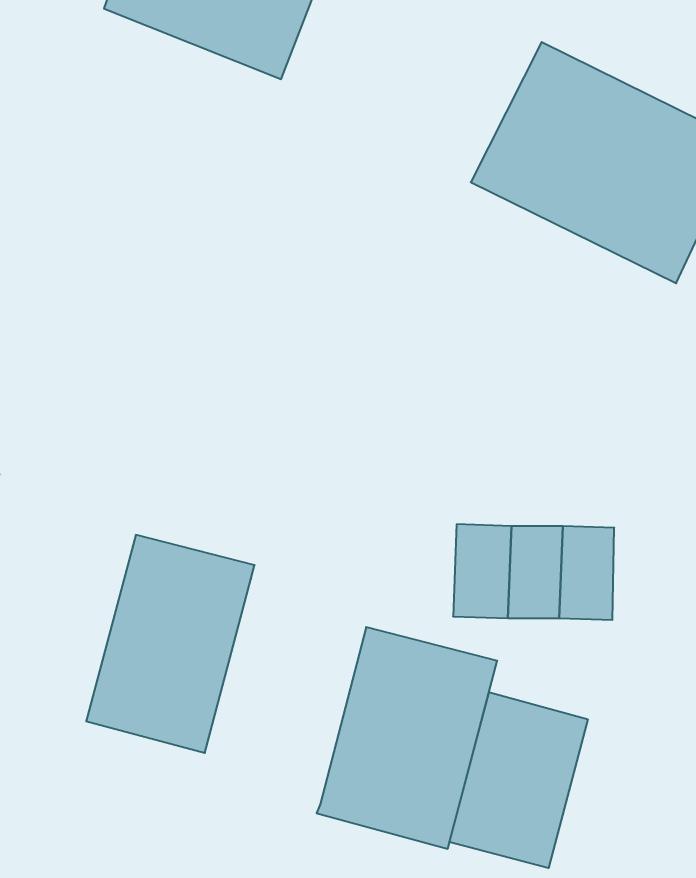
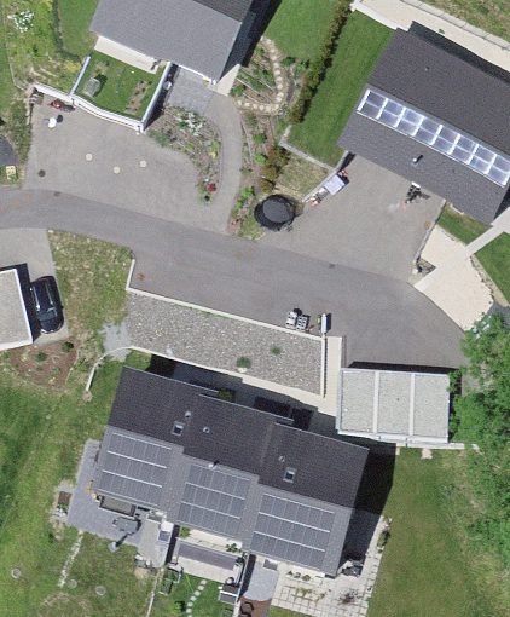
building: none -> [166,403,282,557]
building: [449,692,588,868] -> none

